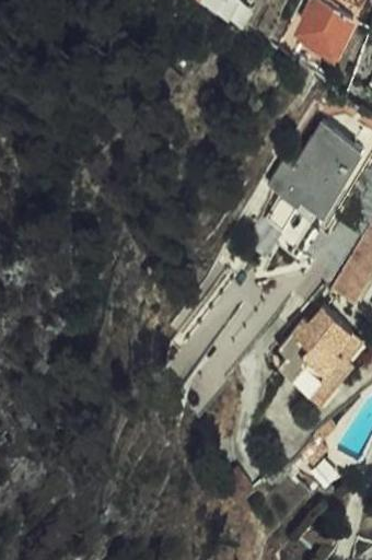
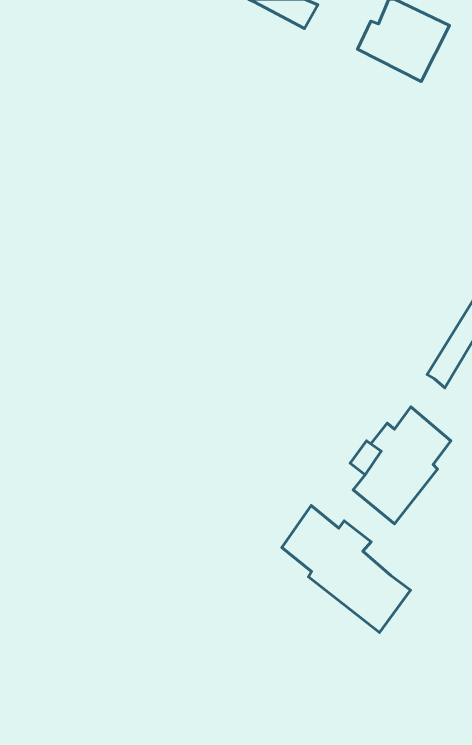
building: [270,124,365,211] -> none
building: none -> [282,506,410,632]

